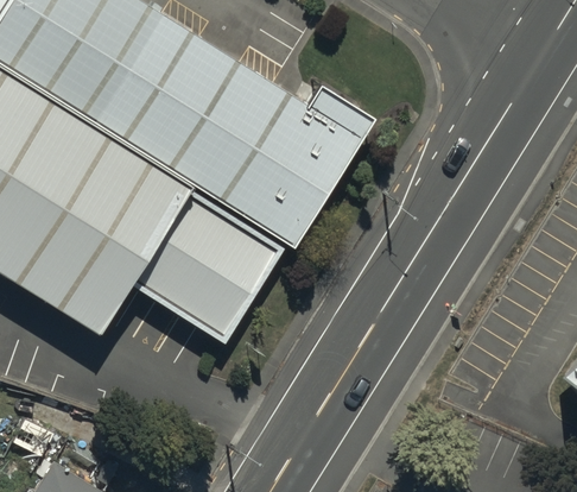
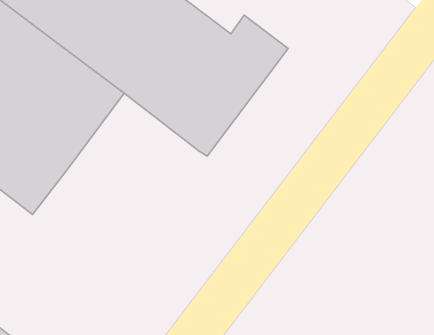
building: [133,188,283,340] -> none

